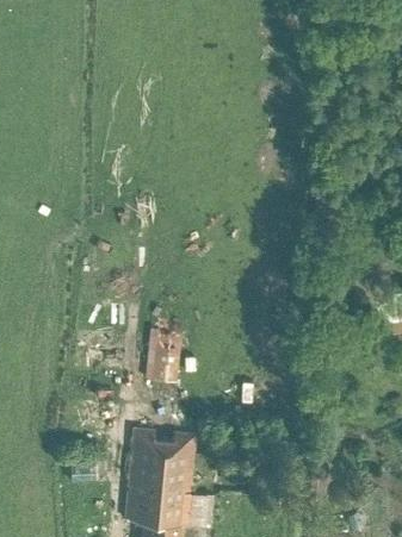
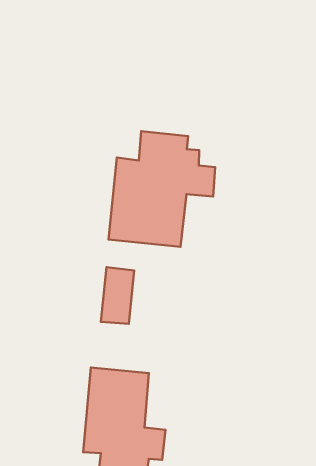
building: none -> [108,131,215,247]

